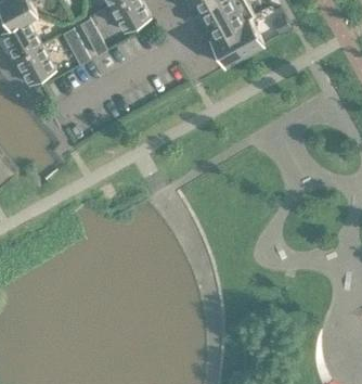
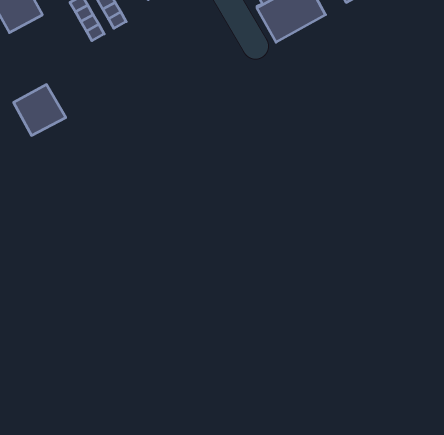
building: [14,44,55,85] -> [14,85,66,135]

